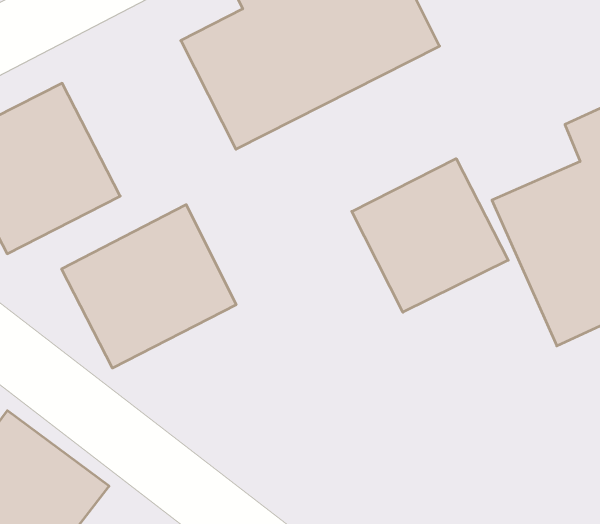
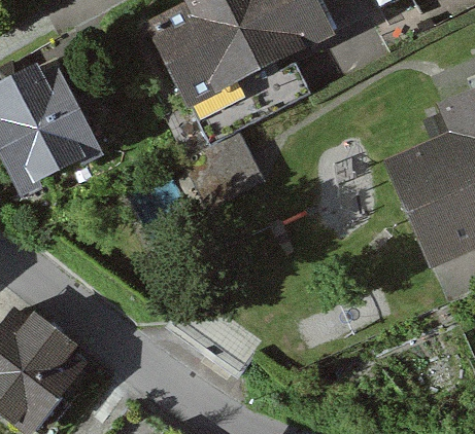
building: [352,159,508,312] -> none
building: [62,205,236,368] -> none

